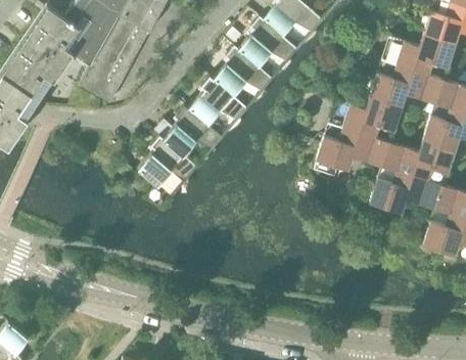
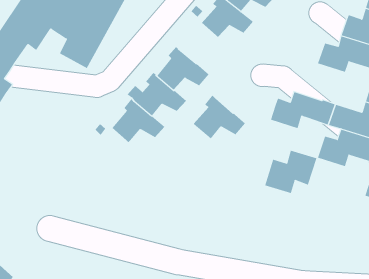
building: [214,47,273,97] -> [193,94,246,139]
building: [343,97,402,139] -> none
building: none -> [264,150,317,194]

